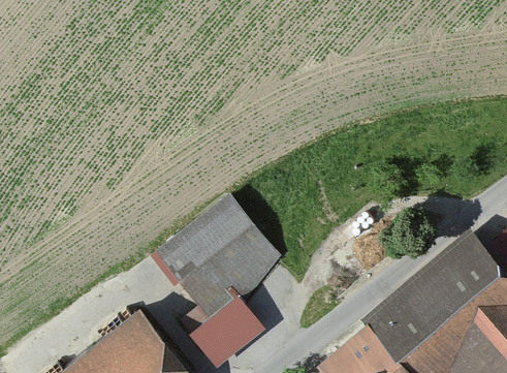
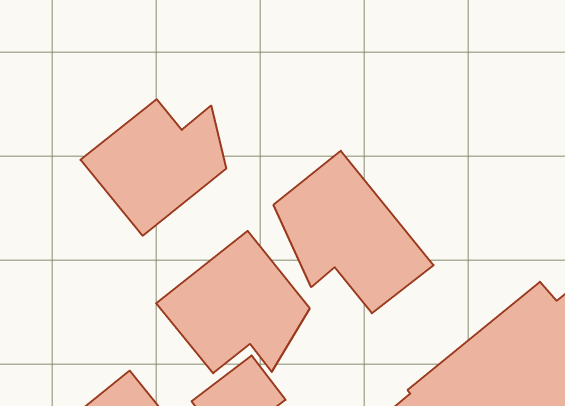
building: none -> [80,99,226,236]
building: none -> [274,151,434,313]

